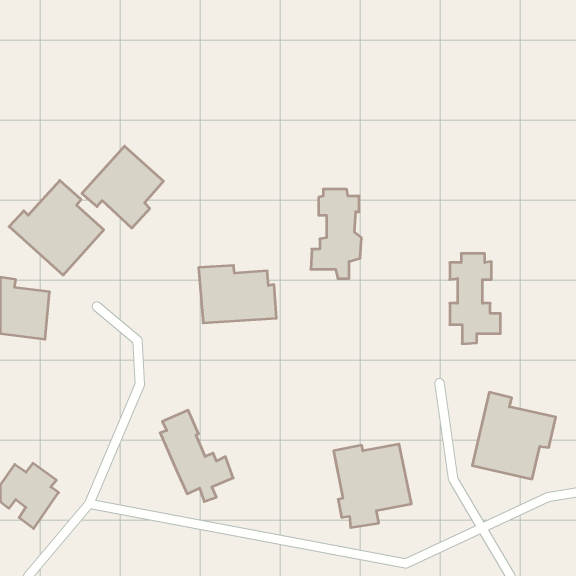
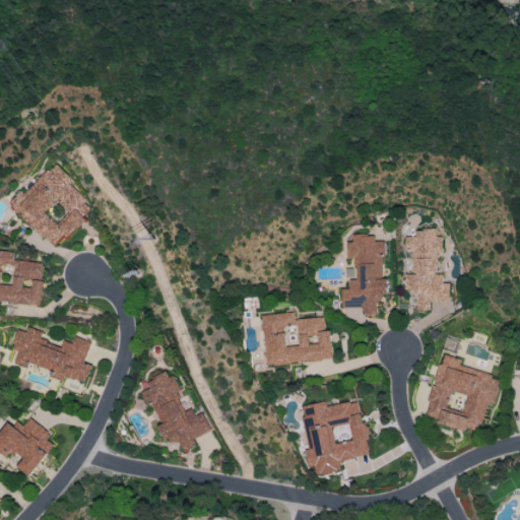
building: [82,146,163,228] -> none
building: [311,189,361,278] -> [341,235,387,315]
building: [199,265,276,323] -> [262,312,332,364]
building: none -> [11,327,90,382]

